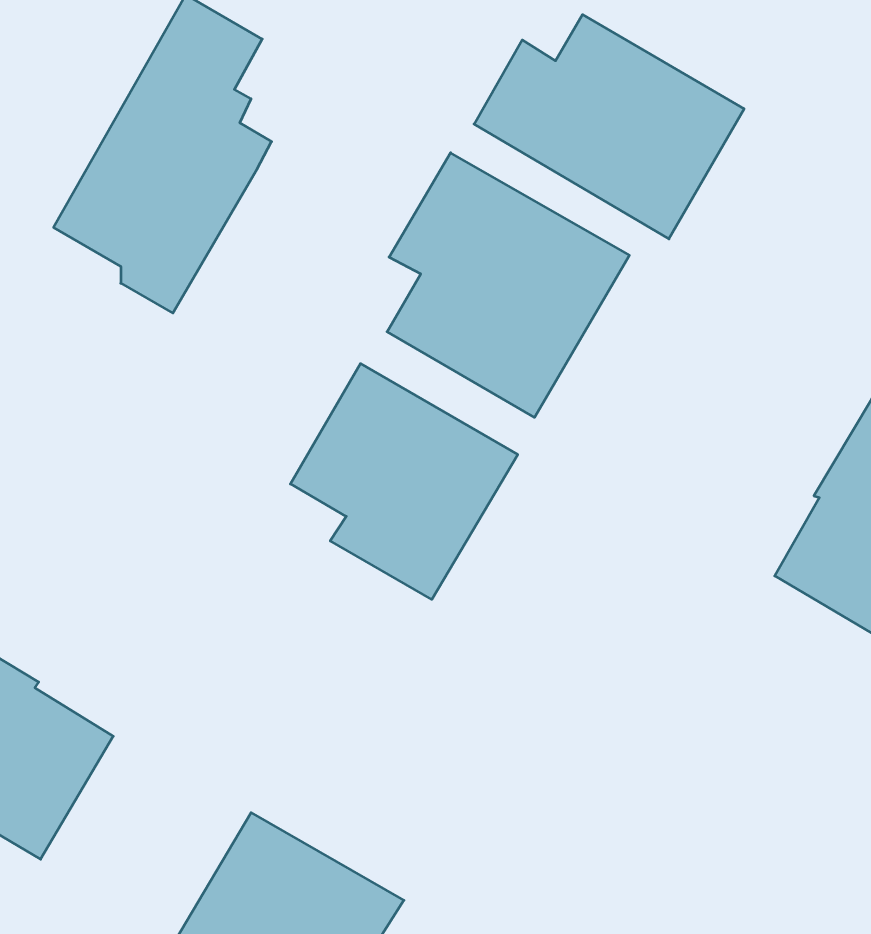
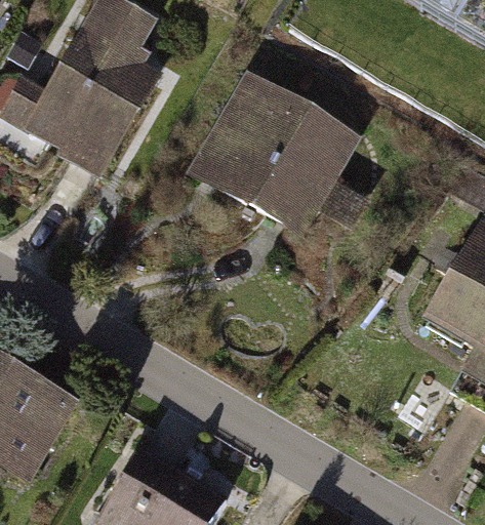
building: [474,15,744,239] -> none
building: [290,364,518,599] -> none

